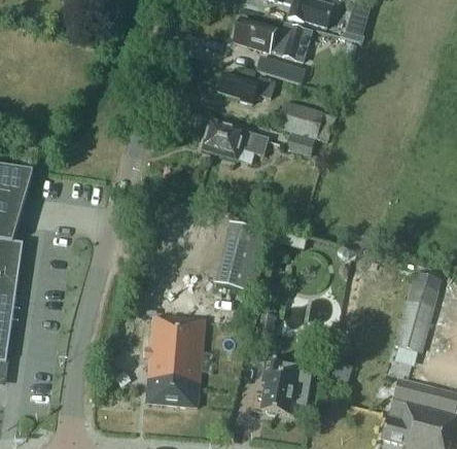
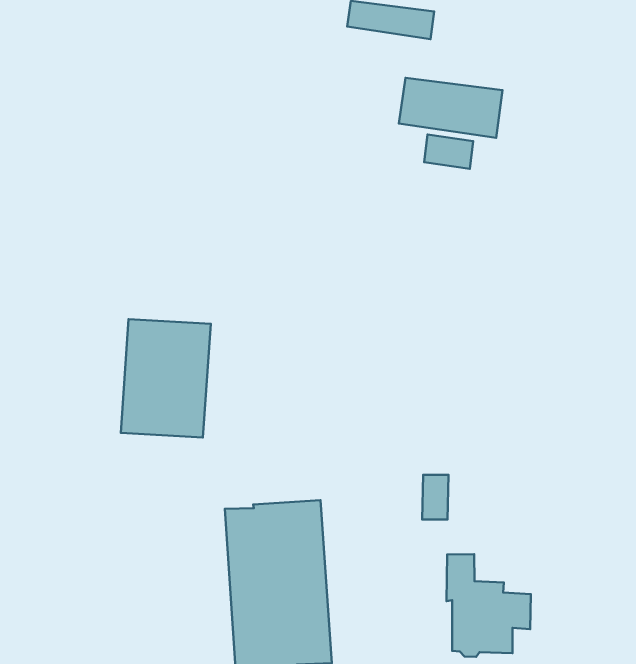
building: [219,72,275,103] -> none
building: [203,122,269,157] -> none
building: [209,221,266,290] -> [121,319,211,438]

